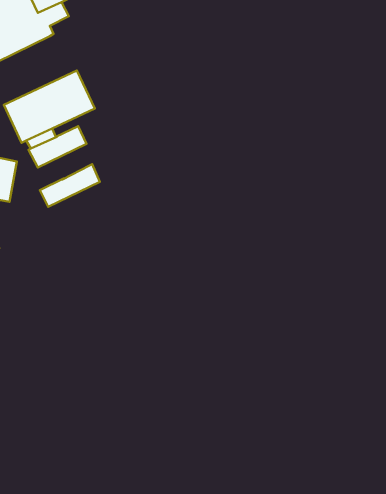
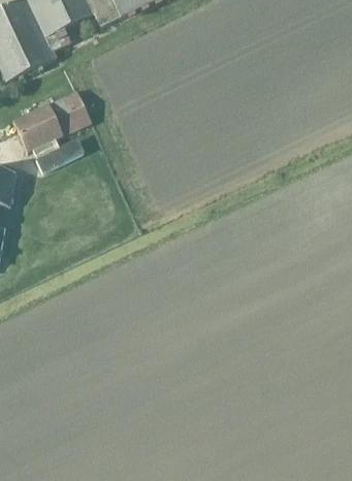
building: [40,164,100,207] -> none

